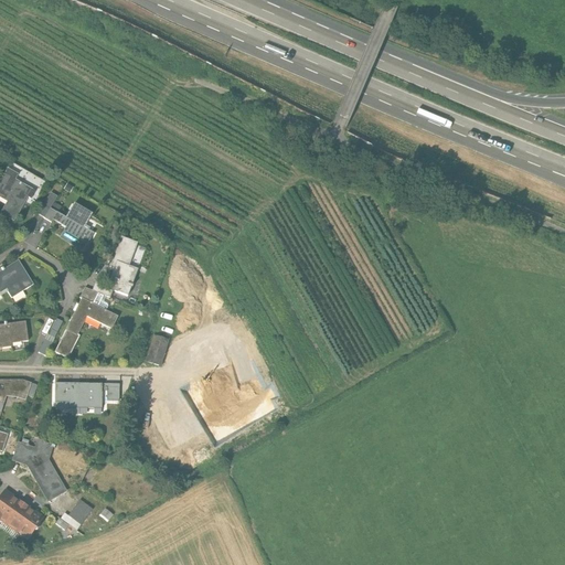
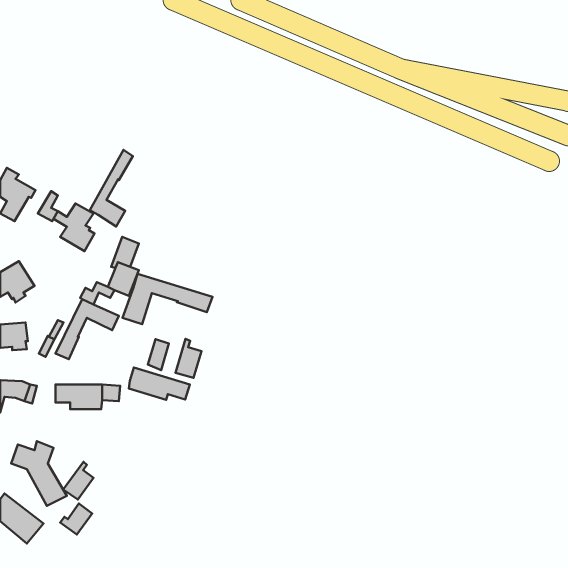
building: none -> [90,150,133,227]
building: none -> [123,274,213,324]
building: none -> [175,339,201,378]
building: none -> [129,367,190,400]
building: none -> [63,462,93,500]

